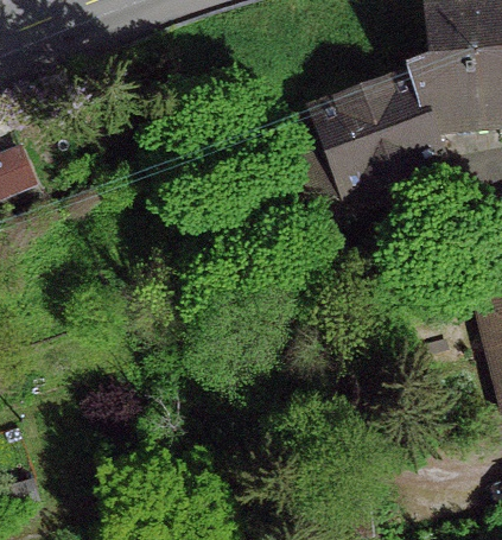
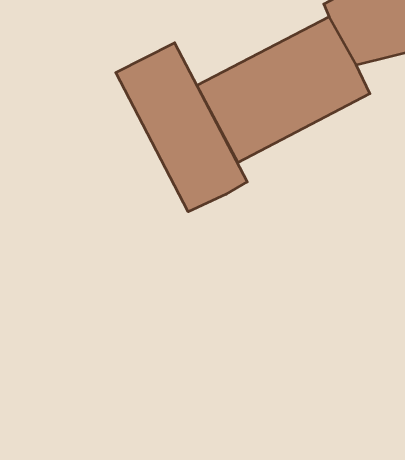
building: none -> [116,43,247,212]

